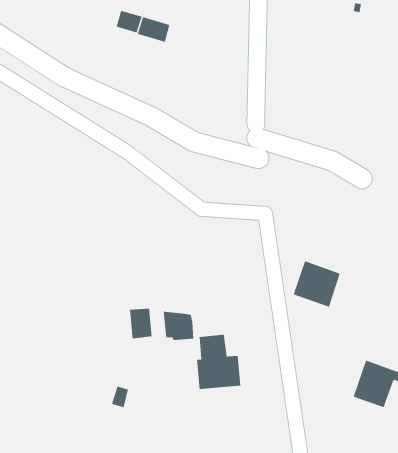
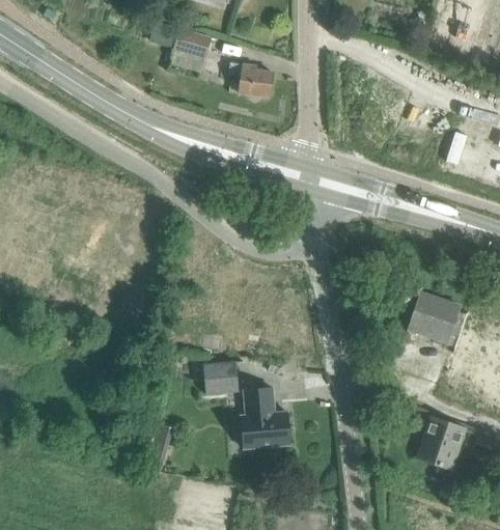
building: none -> [229,63,273,97]
building: [293,260,341,307] -> [408,291,462,344]
building: [129,308,152,339] -> none

